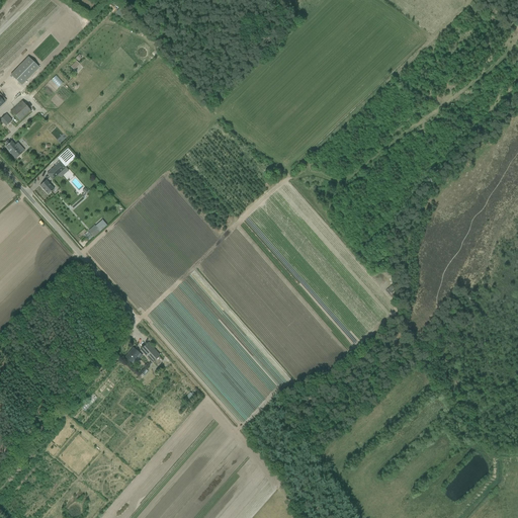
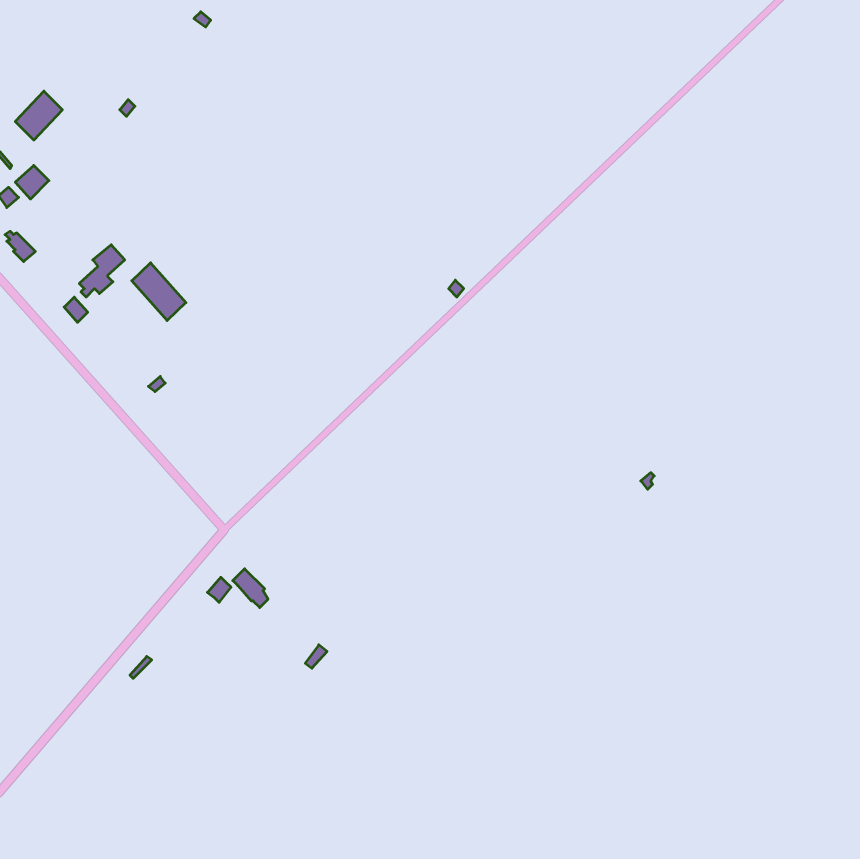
building: none -> [132,263,186,321]

